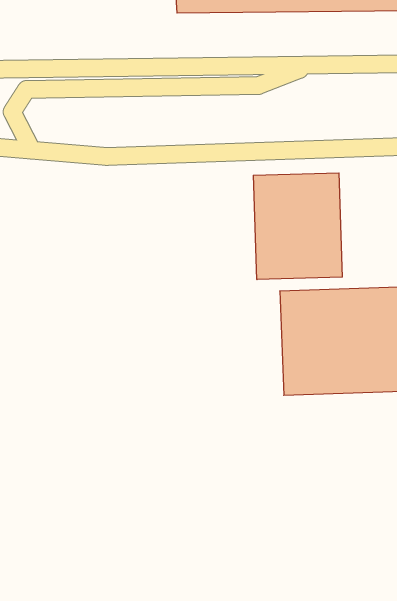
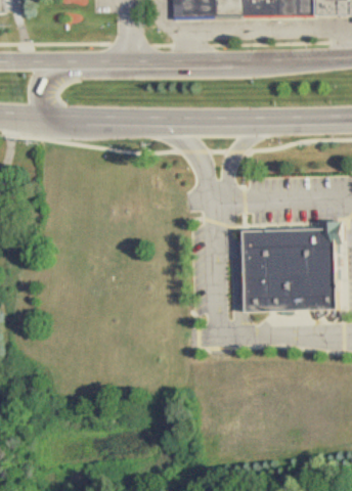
building: [253,173,342,280] -> none

